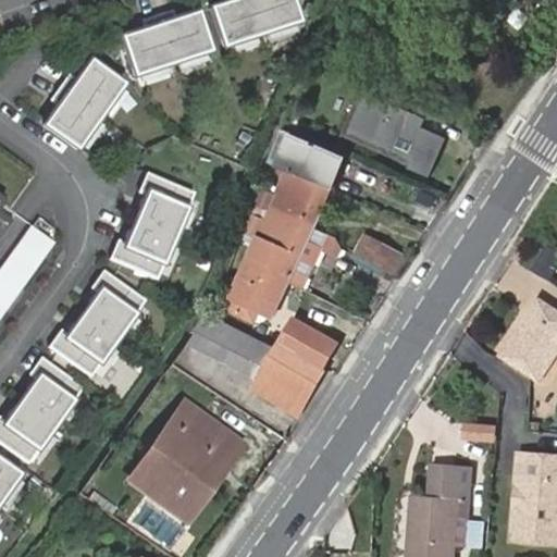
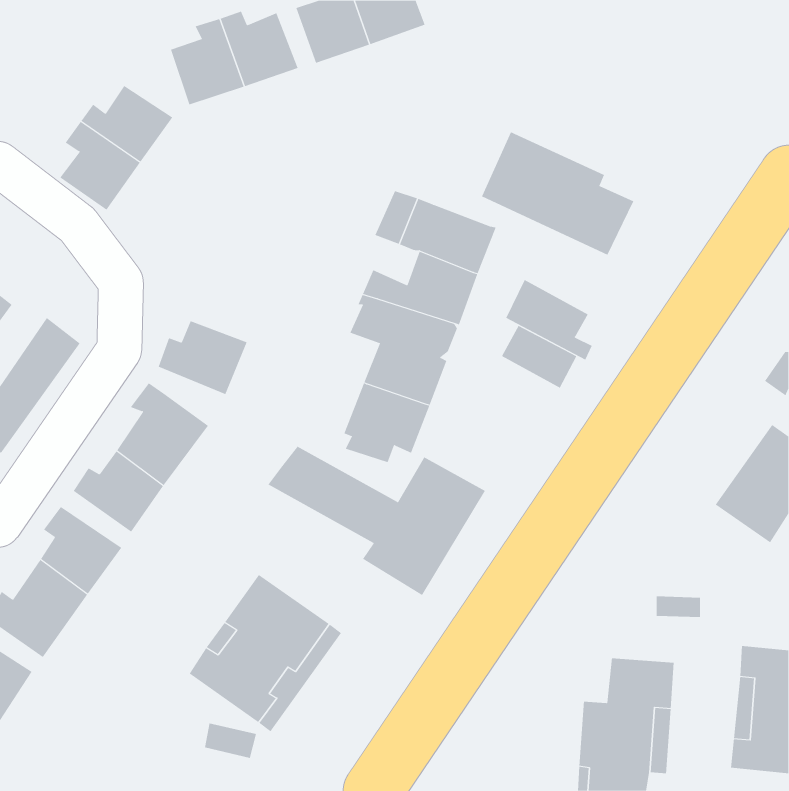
building: [134,171,196,240] -> none
building: none -> [505,279,593,360]

